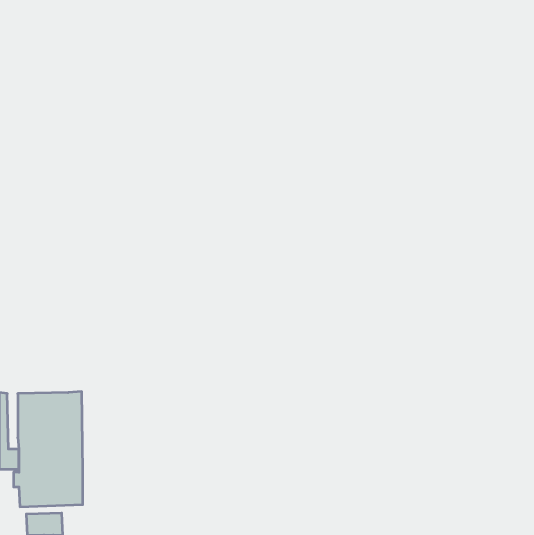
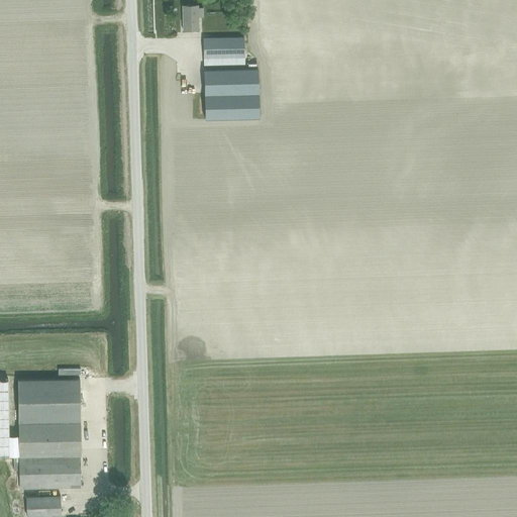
building: none -> [182,5,203,30]
building: none -> [203,36,257,119]

